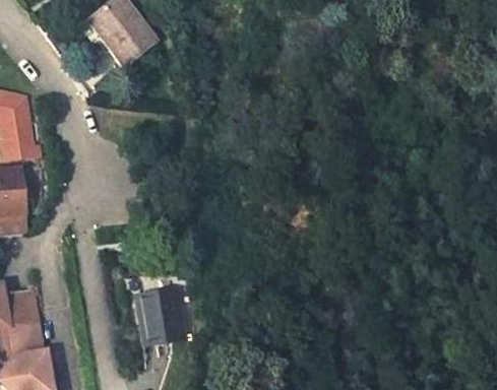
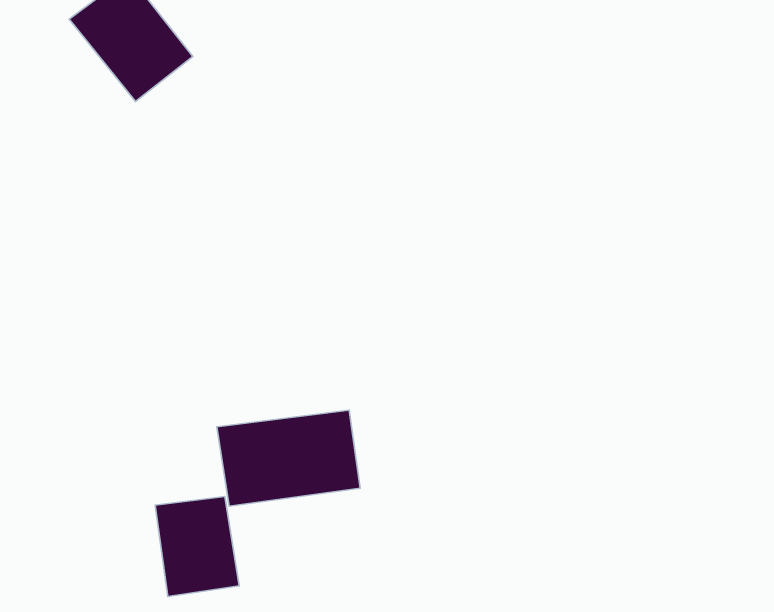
building: none -> [217,410,360,506]

